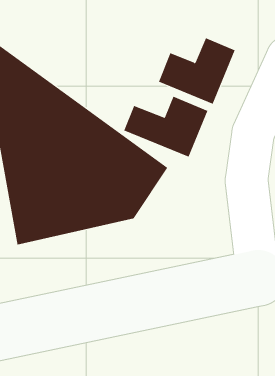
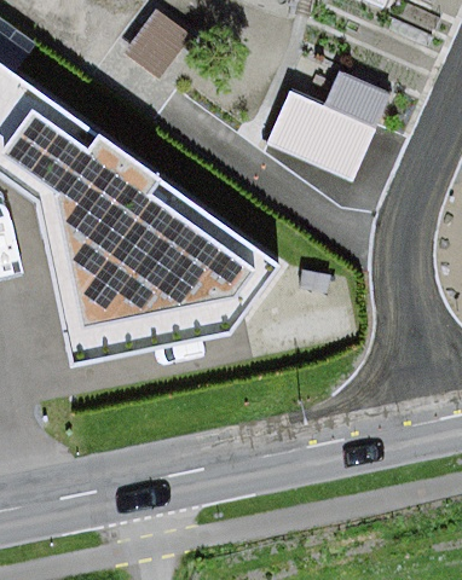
building: [124,96,208,157] -> none

